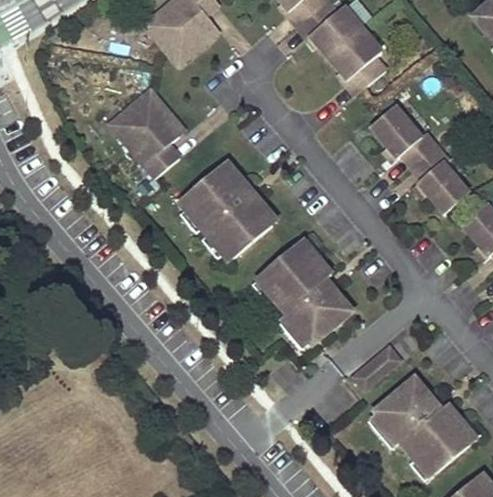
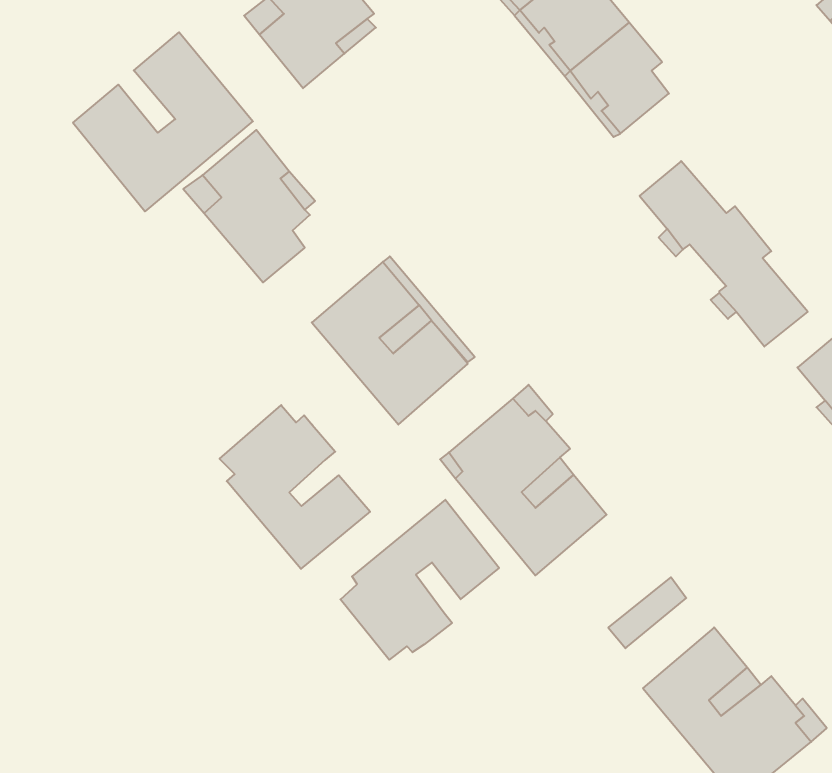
building: none -> [73,32,253,211]
building: none -> [220,405,370,569]
building: none -> [340,500,499,660]

